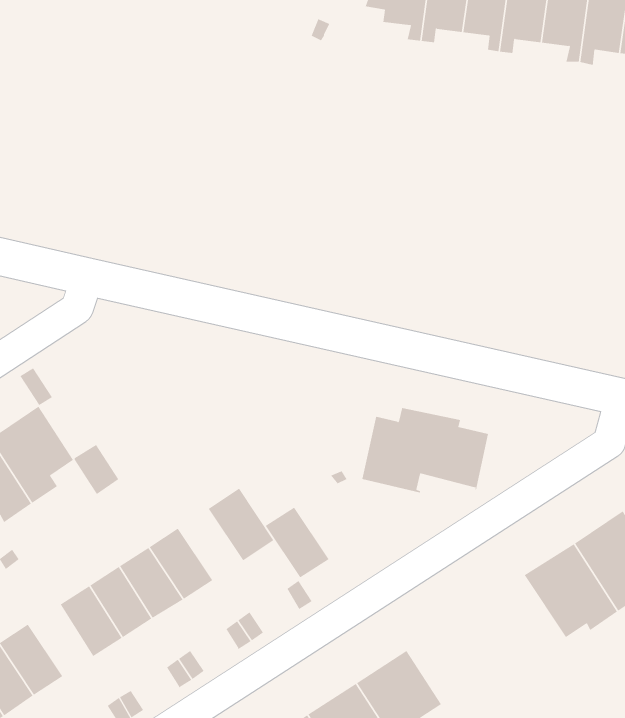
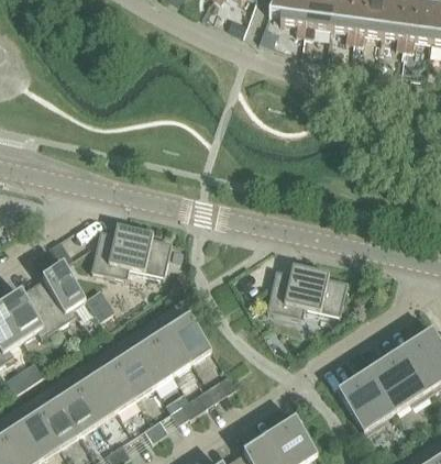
building: none -> [90,223,172,277]
building: [265,507,329,578] -> [151,327,191,372]
building: none -> [337,368,395,432]
building: none -> [56,387,97,432]

